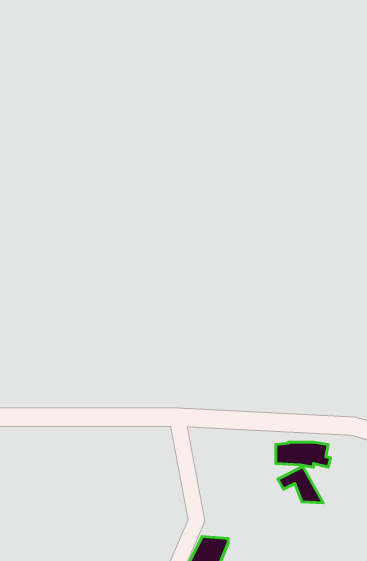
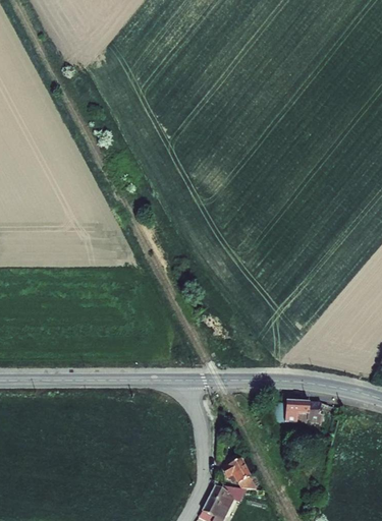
building: [278,467,323,503] -> [219,457,260,489]

